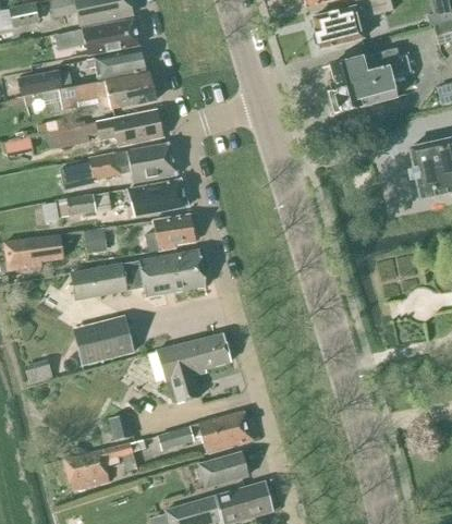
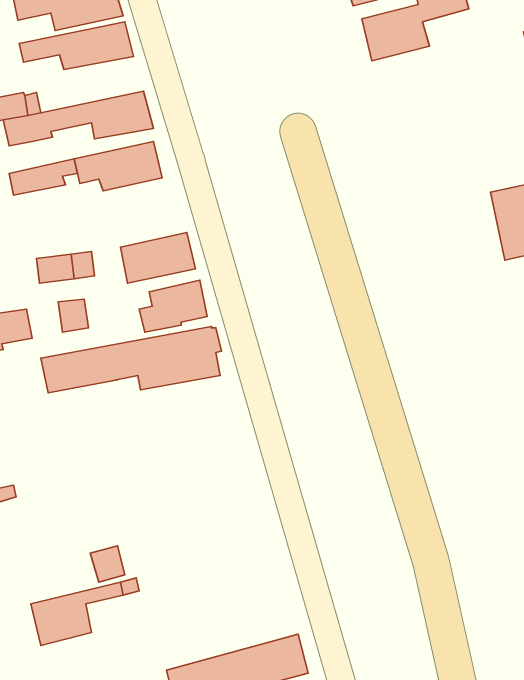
building: [328,47,414,112] -> none
building: [87,49,147,80] -> none
building: [59,142,178,190] -> none
building: [73,315,135,366] -> none
building: [158,333,230,404] -> none
building: [158,410,253,451] -> none
building: [199,452,248,487] -> none

